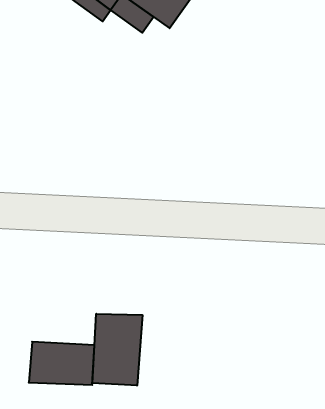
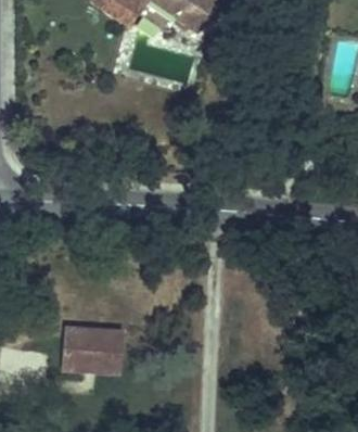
building: [92,314,142,386] -> none

